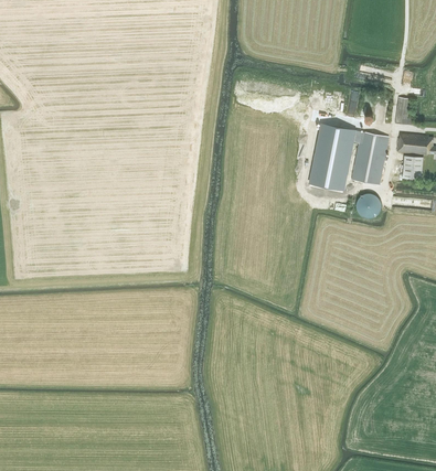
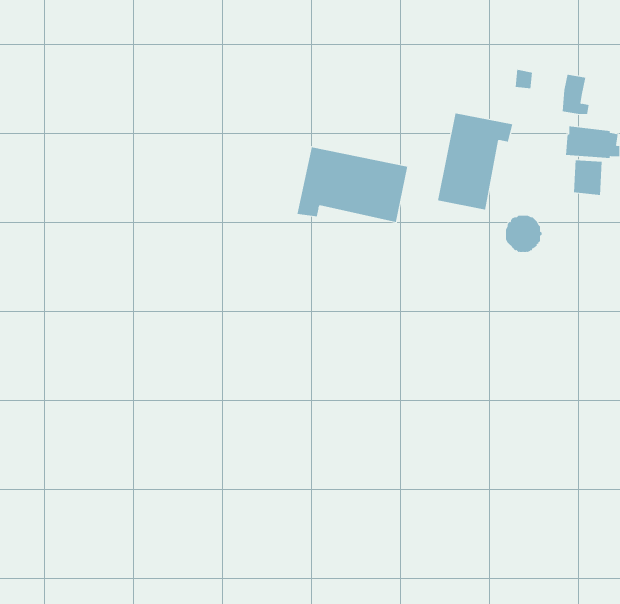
building: [351,131,387,184] -> none
building: none -> [297,147,408,223]

